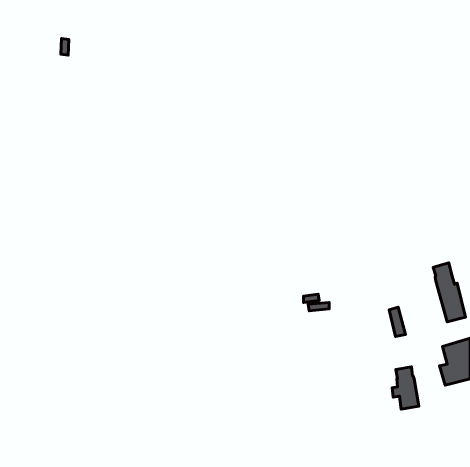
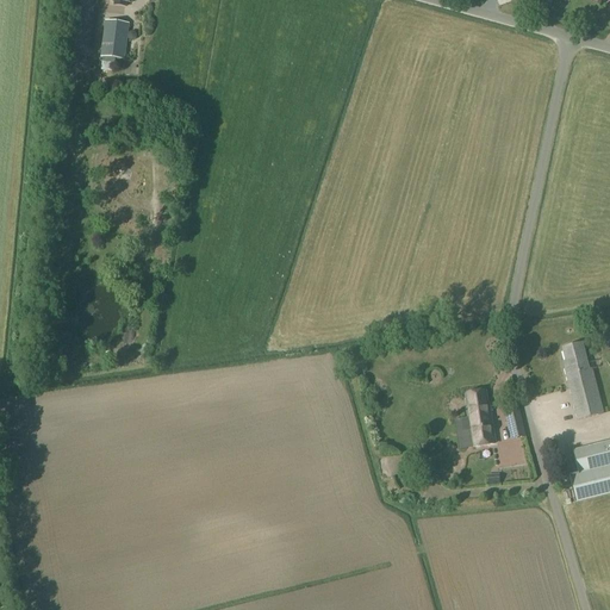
building: none -> [101,18,130,57]
building: [392,367,419,409] -> [461,388,496,443]

